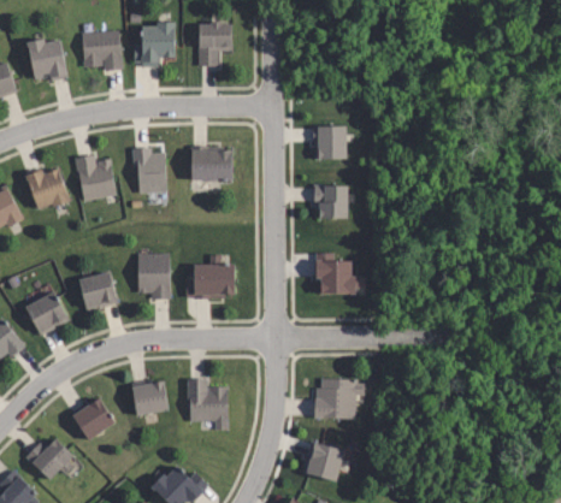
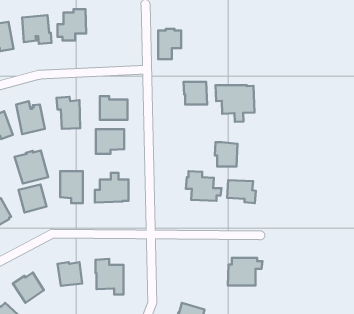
building: [200,22,232,65] -> [158,29,181,59]
building: none -> [216,85,255,122]
building: [313,183,346,218] -> [215,142,237,167]
building: none -> [96,129,124,154]
building: none -> [15,151,48,183]
building: none -> [227,180,256,203]
building: [317,379,366,419] -> [228,258,262,286]

